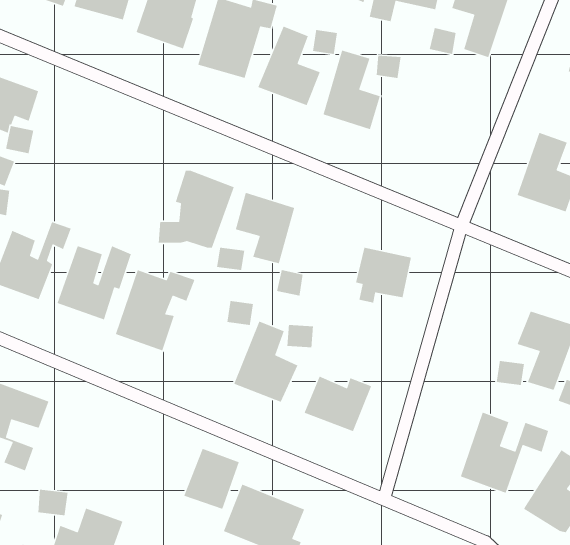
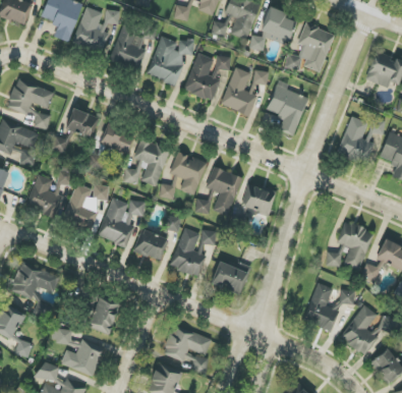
building: none -> [267,79,308,135]
building: none -> [66,109,99,136]
building: none -> [100,124,134,154]
building: none -> [206,167,243,216]
building: none -> [133,229,169,262]
building: [183,448,240,510] -> [88,297,121,334]

